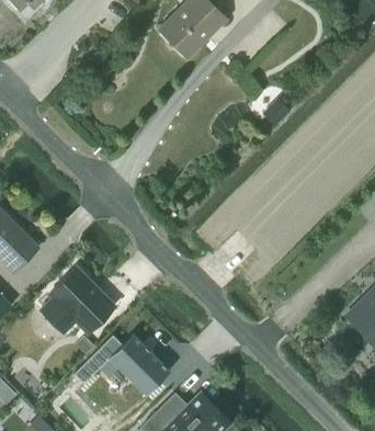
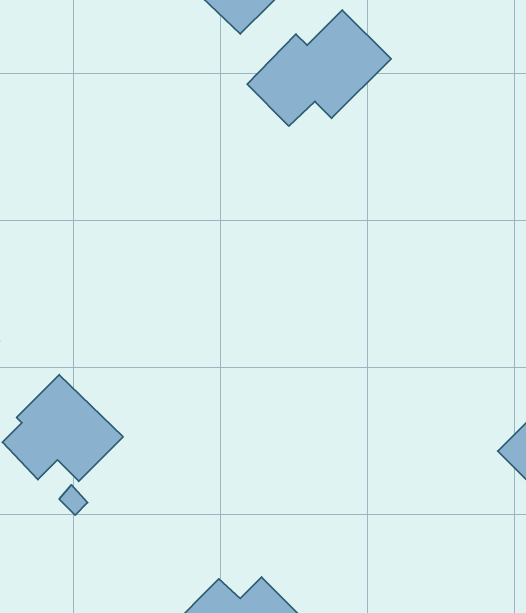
building: none -> [247,10,391,126]
building: [73,333,170,395] -> none

